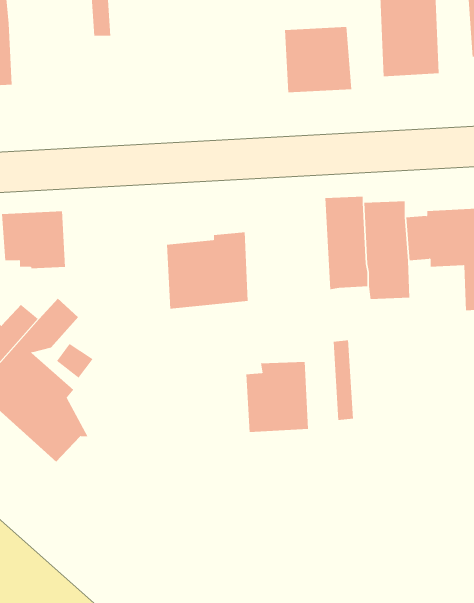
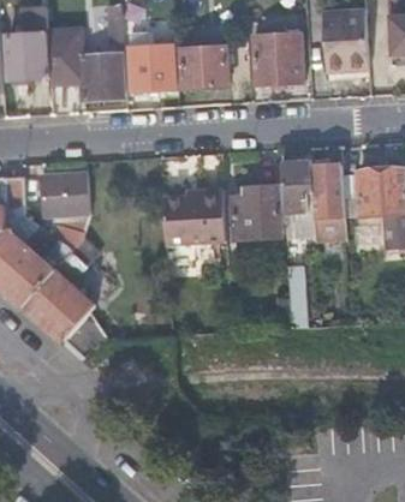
building: none -> [47,30,121,100]
building: none -> [127,46,174,91]
building: none -> [180,46,227,88]
building: [246,361,309,432] -> [232,186,279,239]

